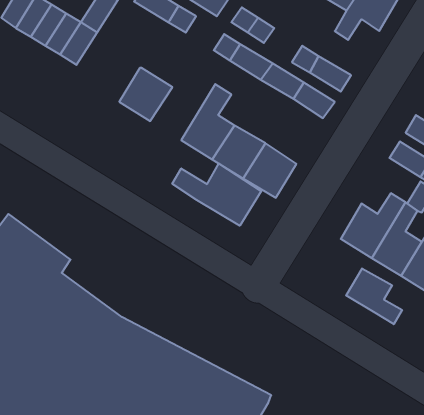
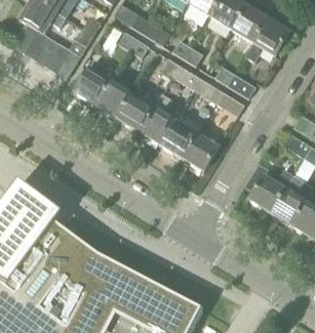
building: none -> [74,59,116,105]
building: none -> [117,94,153,131]
building: [172,163,261,226] -> none
building: [346,268,402,324] -> none

